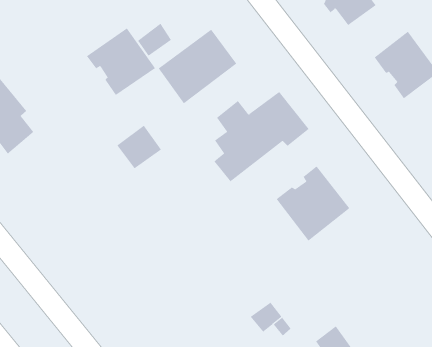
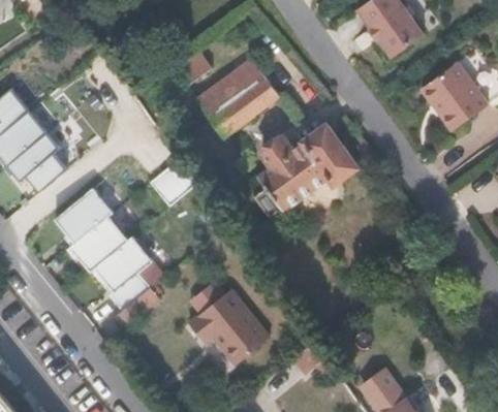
building: [86,27,156,96] -> none
building: none -> [55,186,153,331]
building: [276,166,350,242] -> none
building: none -> [190,293,270,369]

